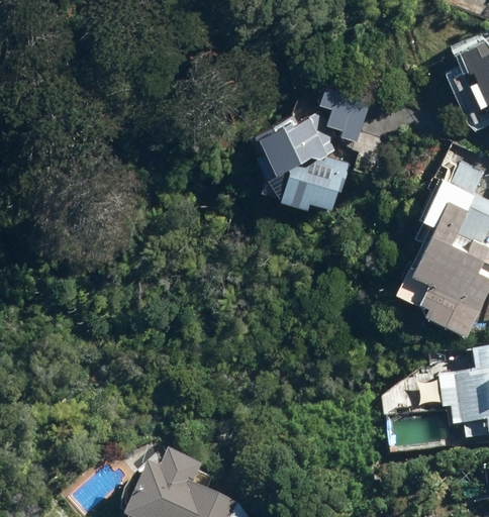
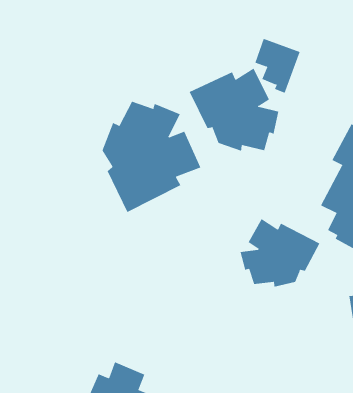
building: none -> [102,101,201,213]
building: none -> [240,218,320,287]

